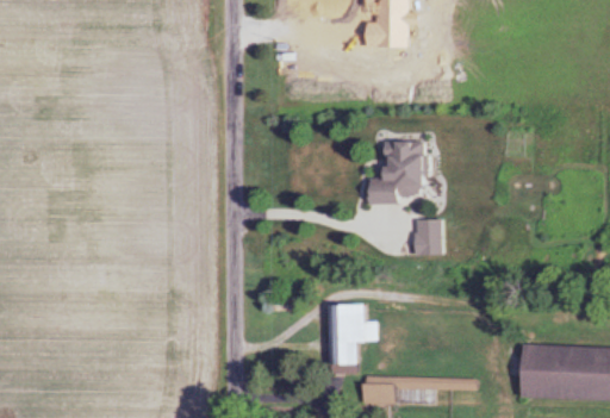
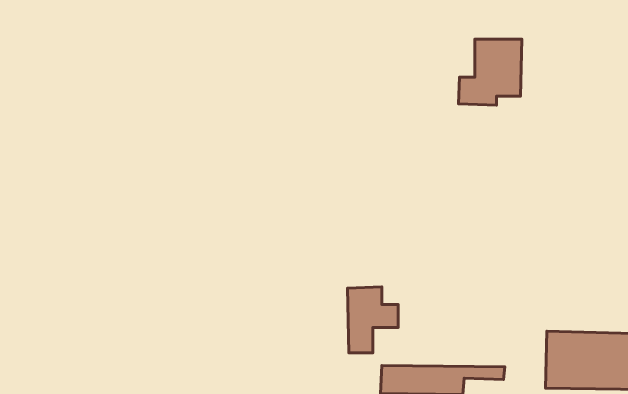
building: [366,142,425,204] -> [458,39,522,105]
building: [415,219,444,255] -> none

